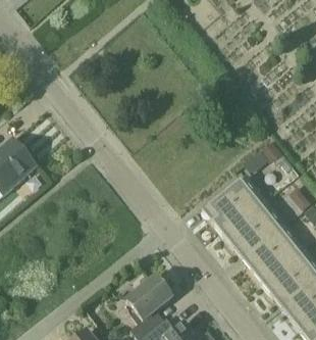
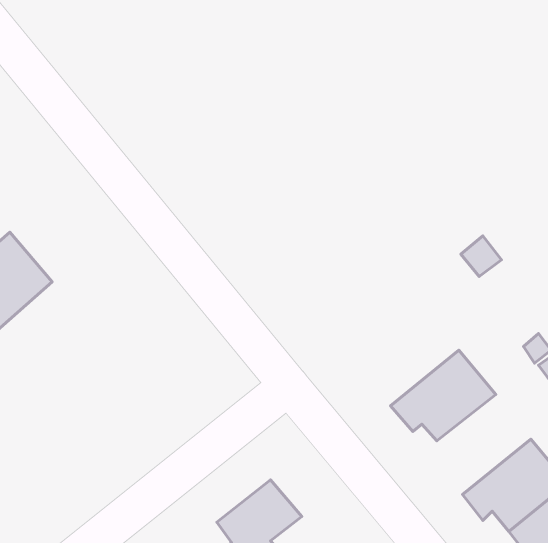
building: [208,178,260,234] -> none
building: [248,228,300,283] -> none

